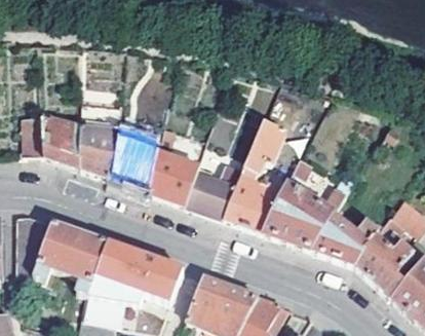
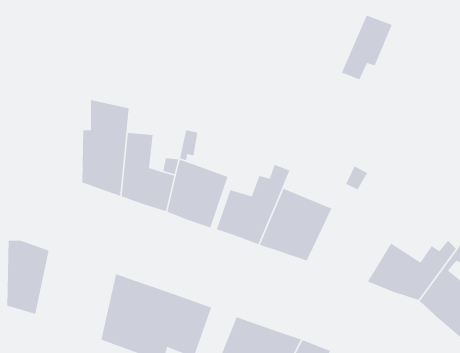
building: [18,110,79,169] -> none
building: [243,120,285,174] -> [341,14,393,80]
building: [261,164,356,249] -> none
building: [40,223,106,296] -> none

